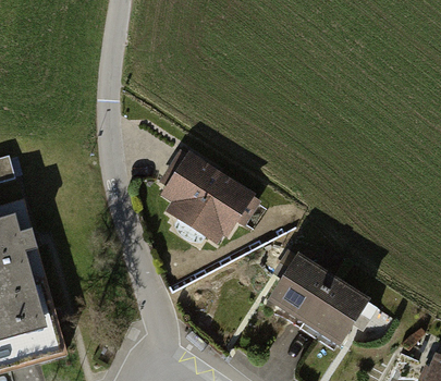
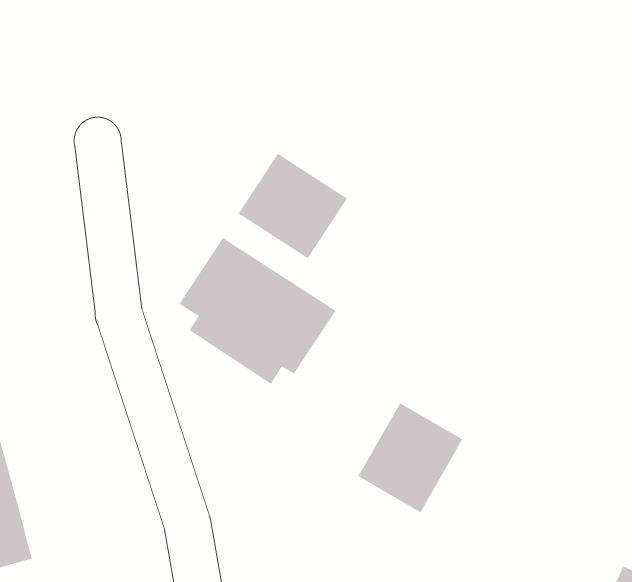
building: none -> [238,153,348,259]
building: [307,275,370,342] -> none

